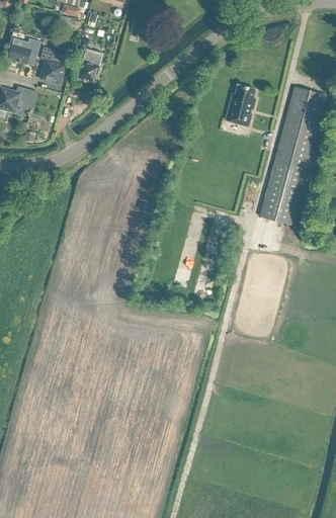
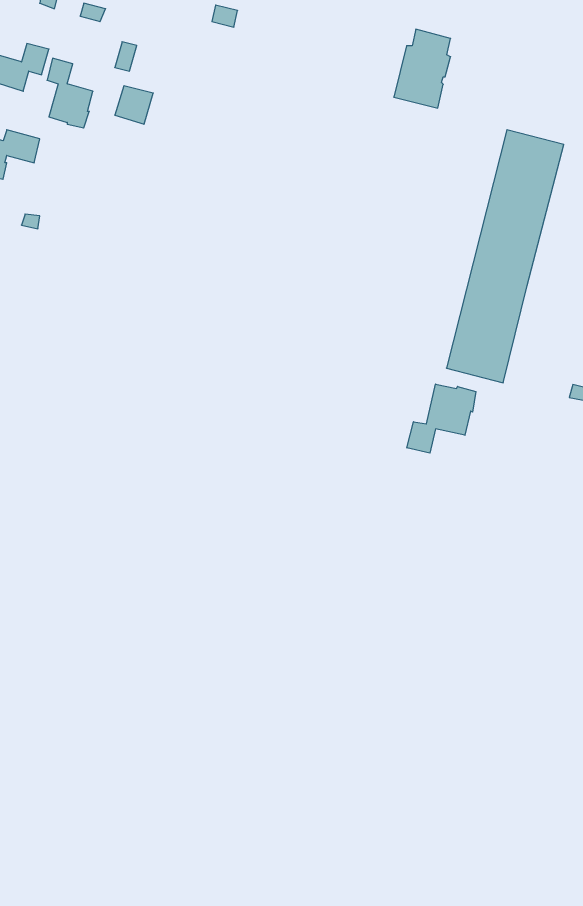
building: [224,83,255,126] -> [394,29,451,108]
building: none -> [407,384,476,453]

